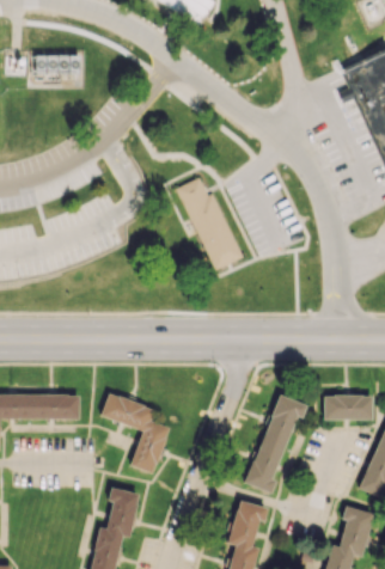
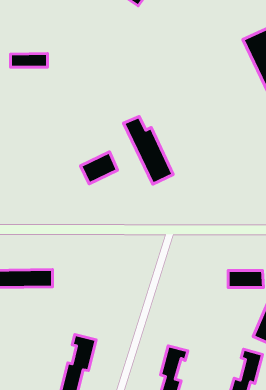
building: [33,56,85,75] -> [11,53,47,67]
building: none -> [80,152,118,184]
building: [100,393,170,472] -> none
building: [245,394,306,494] -> none

